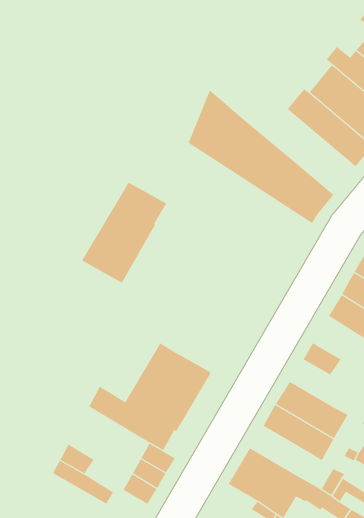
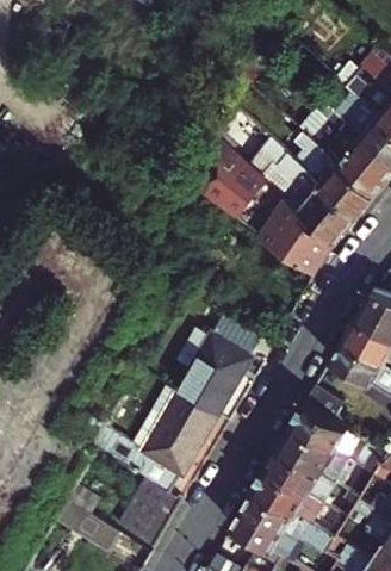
building: none -> [262,139,360,241]
building: [81,182,167,283] -> [178,316,262,416]
building: none -> [294,403,350,449]
building: none -> [255,468,311,515]

